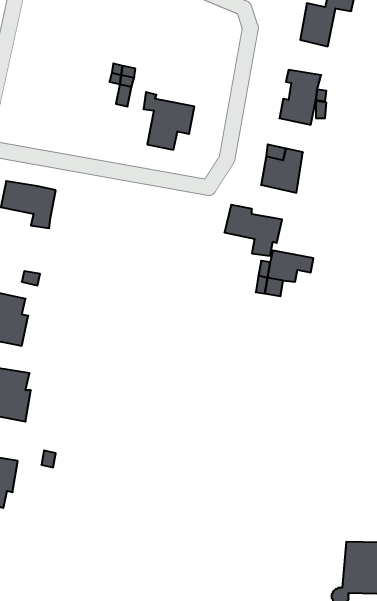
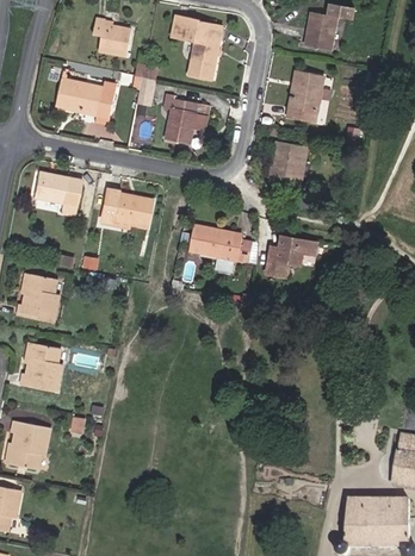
building: none -> [175,14,223,74]
building: none -> [94,17,131,56]
building: none -> [56,76,118,117]
building: none -> [100,187,151,225]
building: [224,205,282,256] -> [190,224,242,270]

